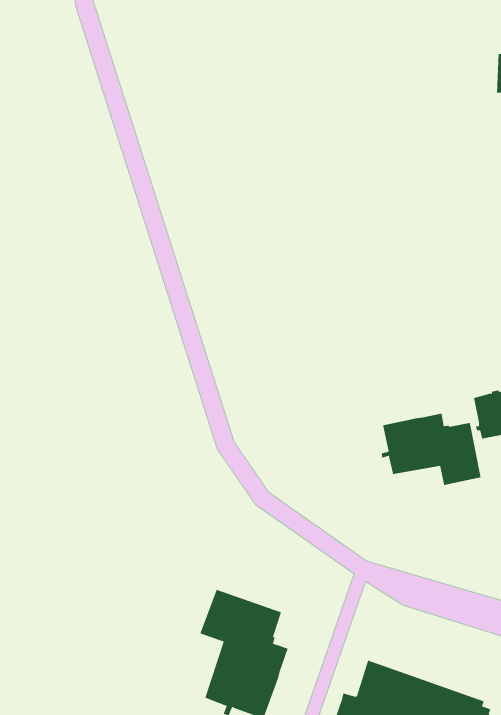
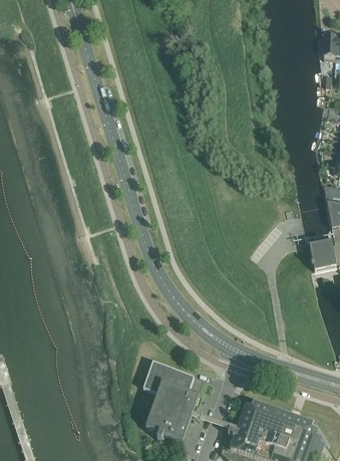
building: [381,413,481,486] -> none

